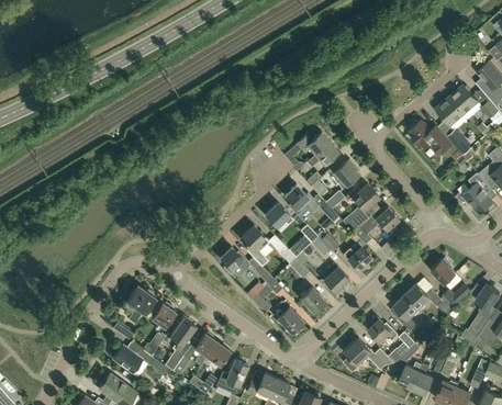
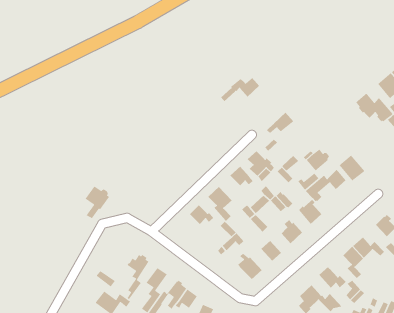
building: [285,132,330,160] -> [220,77,260,102]
building: [330,159,359,189] -> none
building: none -> [339,155,366,181]
building: [126,285,155,324] -> [85,185,110,219]

